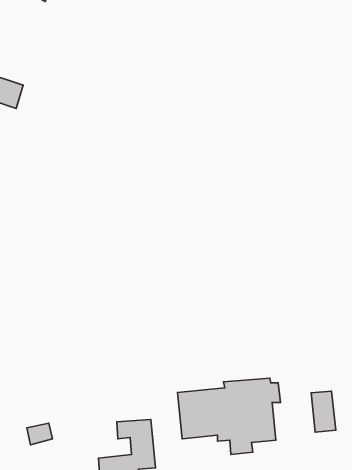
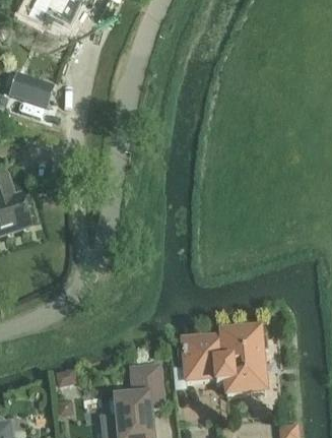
building: [311,391,336,432] -> none

